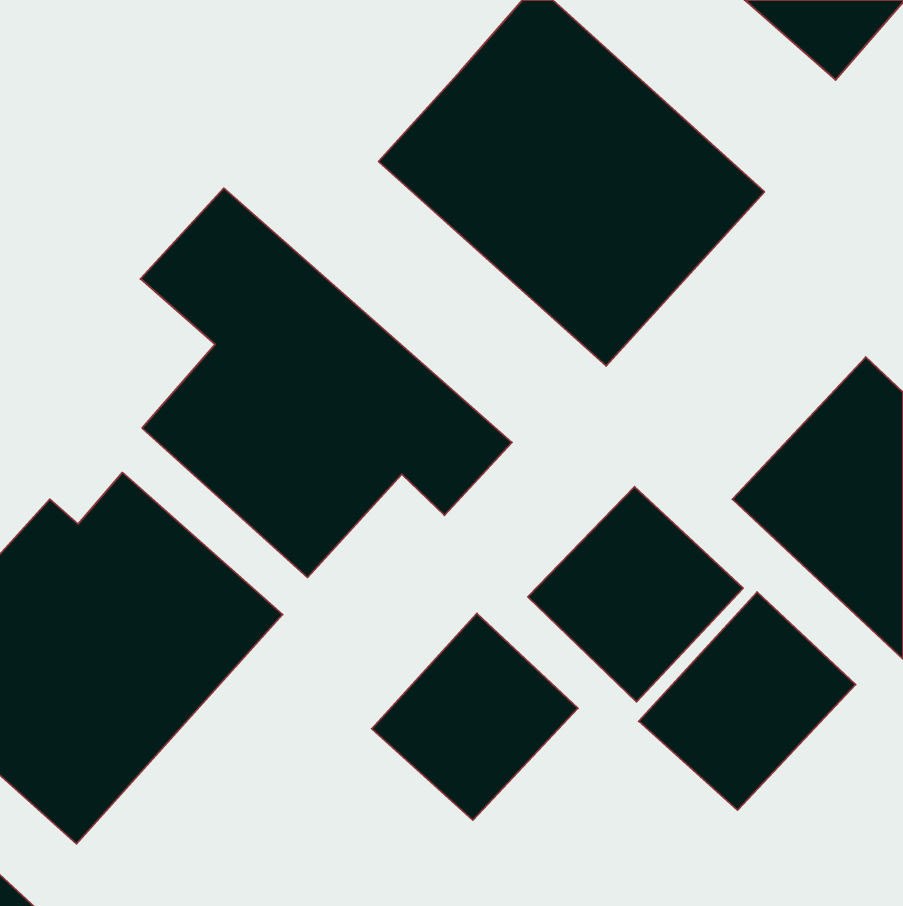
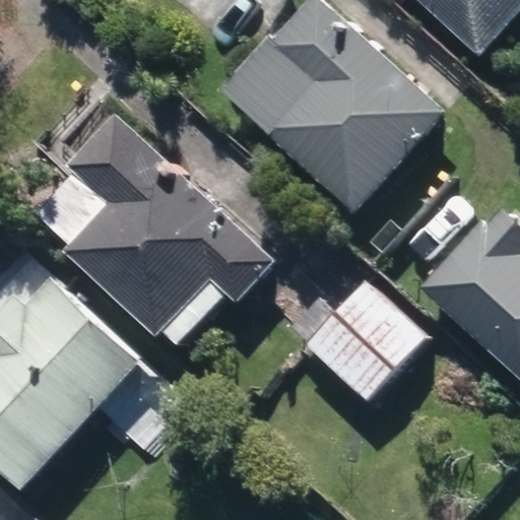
building: [639,592,856,810] -> none
building: [372,613,578,820] -> none

